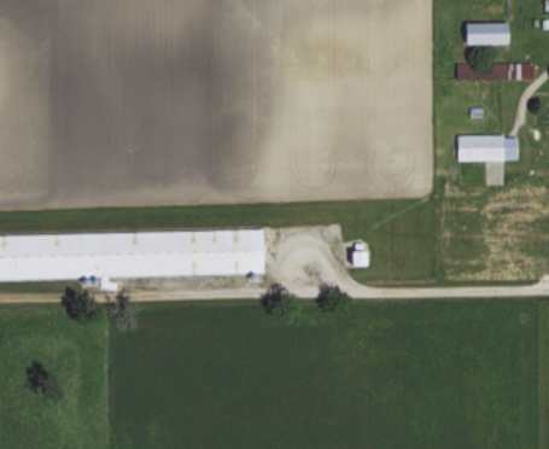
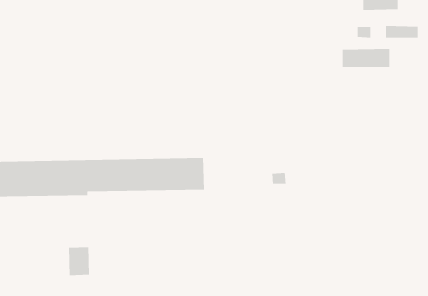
building: [457,135,519,161] -> [342,48,390,68]
building: none -> [68,246,90,276]

